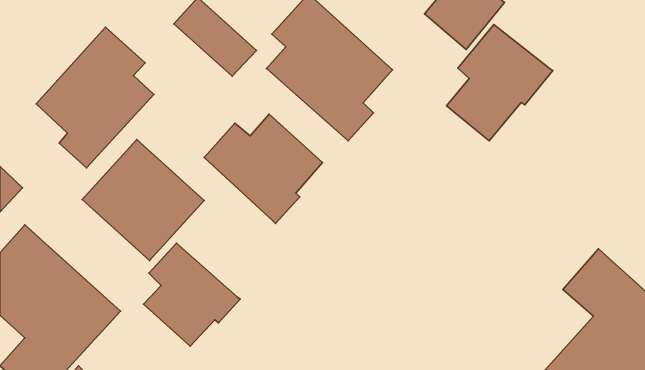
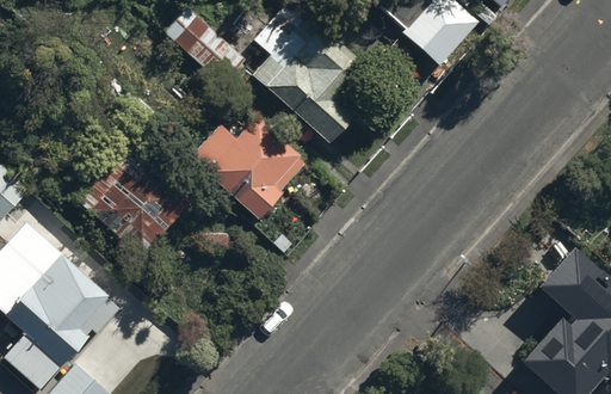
building: [446,25,553,141] -> none
building: [36,27,154,168] -> none
building: [144,243,240,346] -> none

